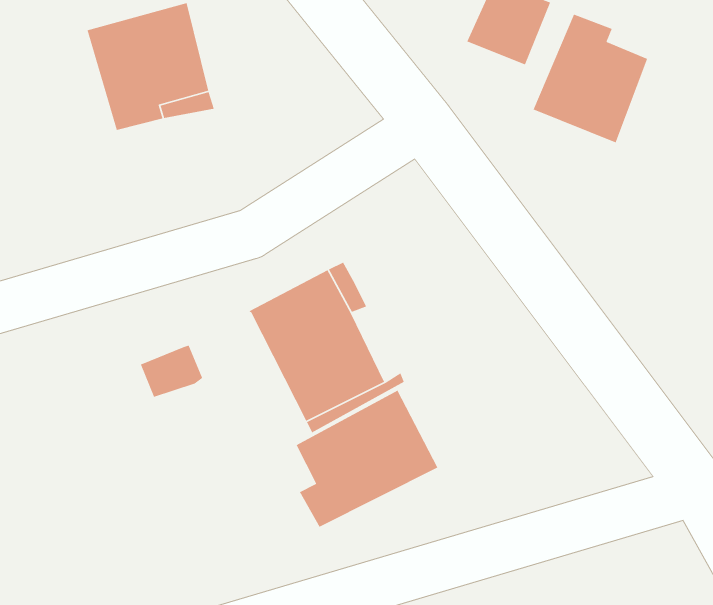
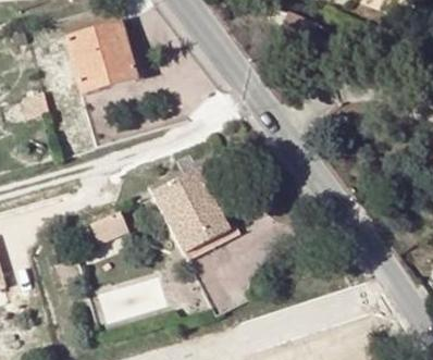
building: [533,14,648,144] -> none
building: [296,389,438,528] -> none

